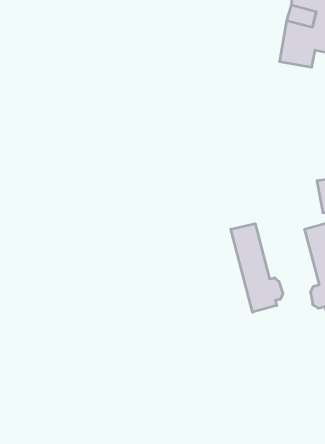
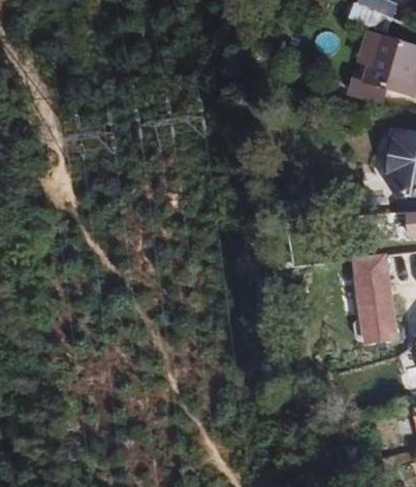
building: [231,224,283,312] -> none

